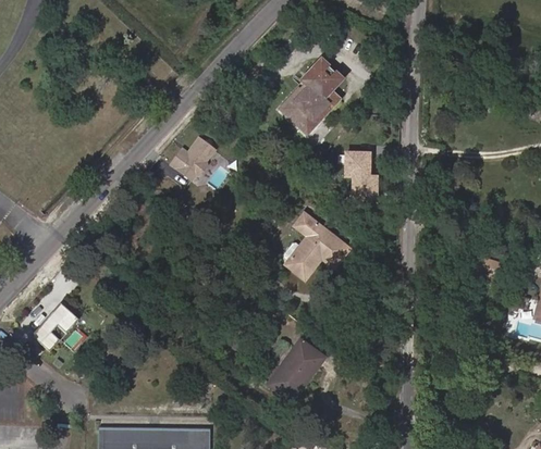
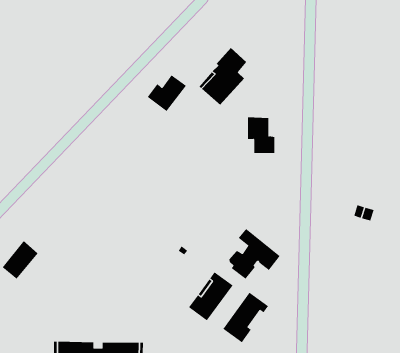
building: [168,134,218,180] -> [147,74,187,112]
building: [282,215,347,279] -> [228,228,281,280]
building: none -> [222,292,269,343]

